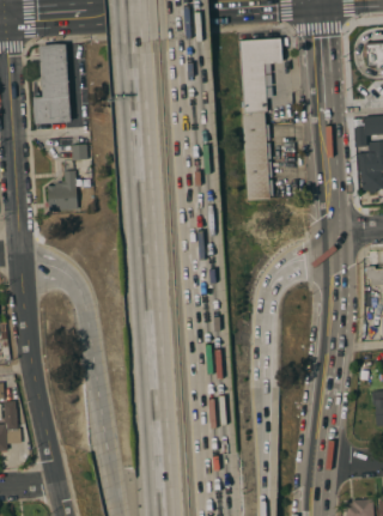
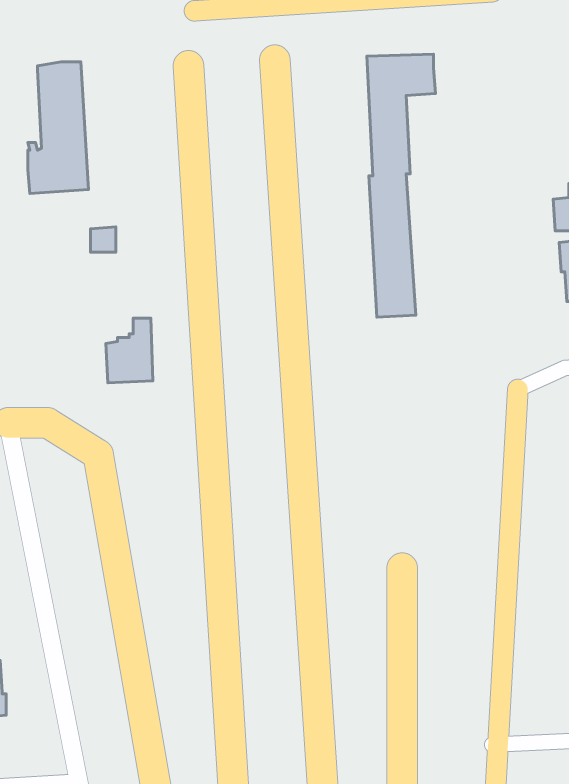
building: [48,171,77,211] -> [106,318,153,383]

